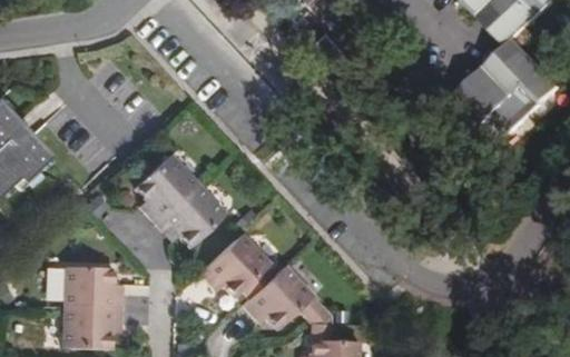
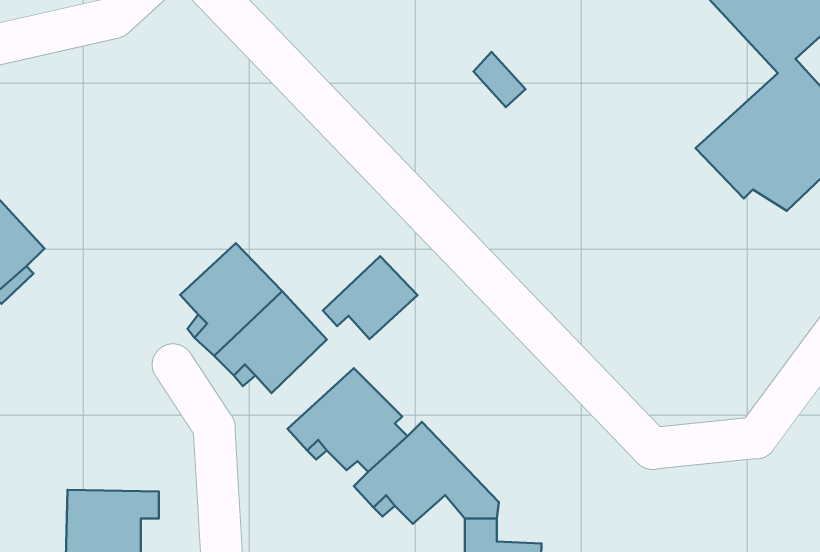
building: none -> [323,256,418,339]
building: [63,265,120,307] -> none

